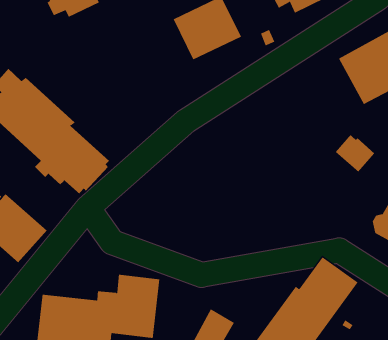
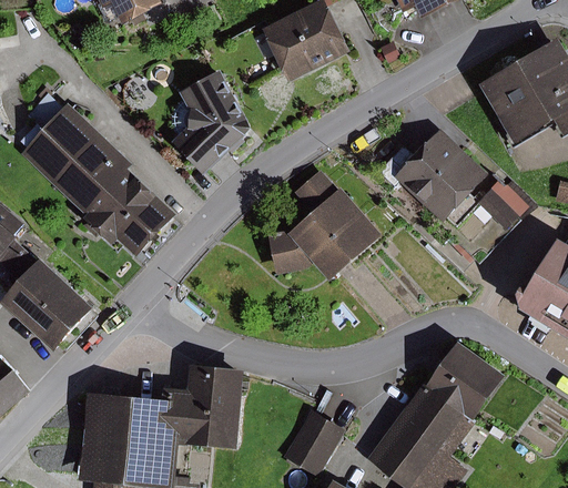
building: none -> [168,69,252,175]
building: none -> [376,129,487,223]
building: none -> [266,171,382,281]

